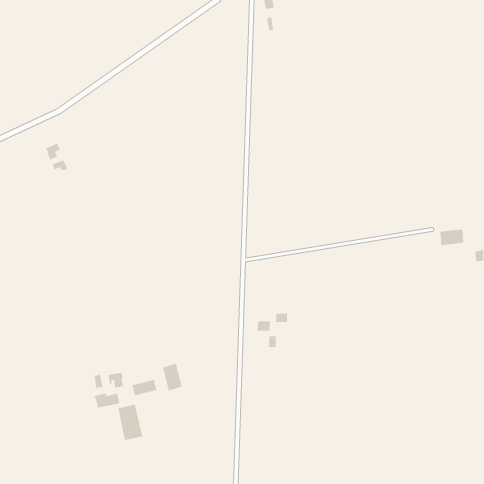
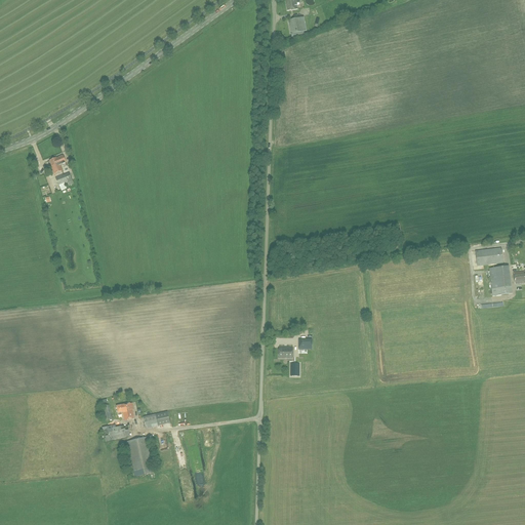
building: none -> [489,266,509,295]
building: [162,363,182,392] -> none

